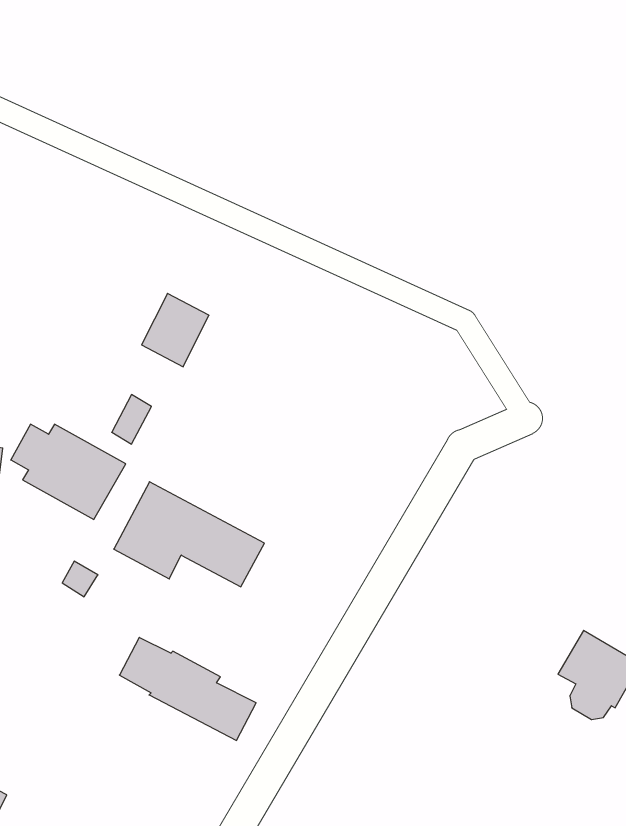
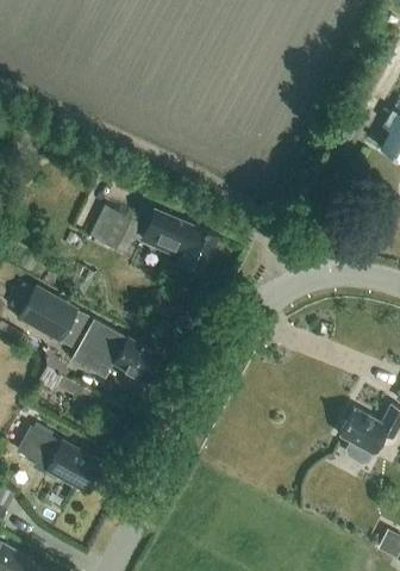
building: none -> [146,209,217,269]
building: [119,637,256,740] -> [19,428,101,490]

